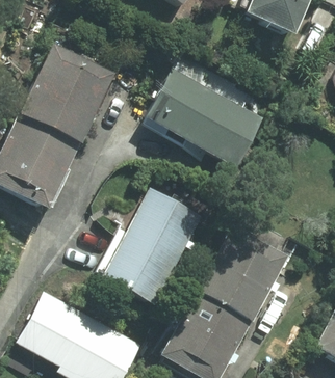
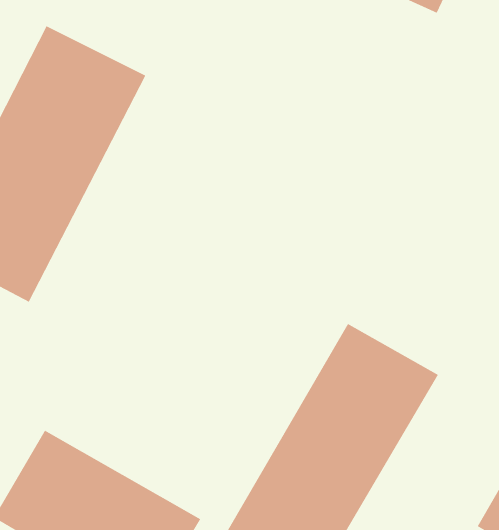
building: [145,70,264,169] -> none
building: [100,188,205,308] -> none

